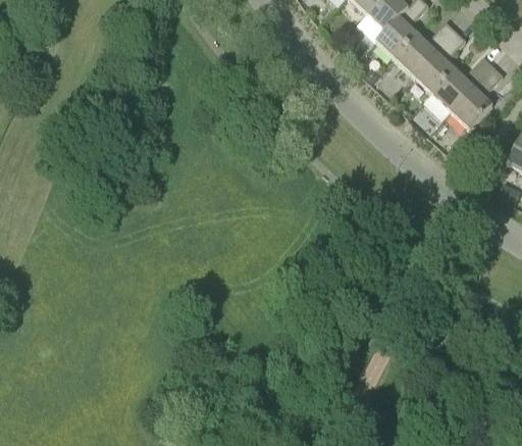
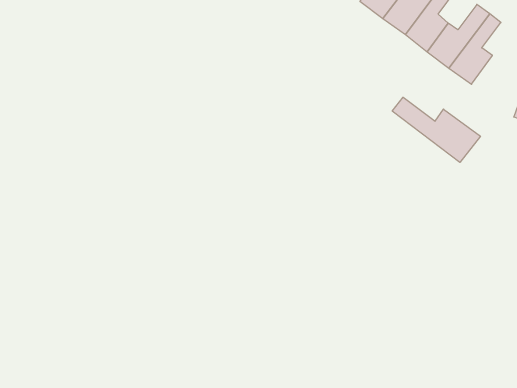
building: none -> [392,97,480,162]

